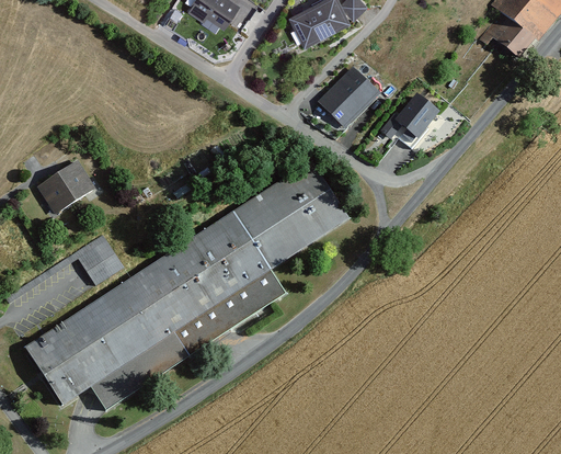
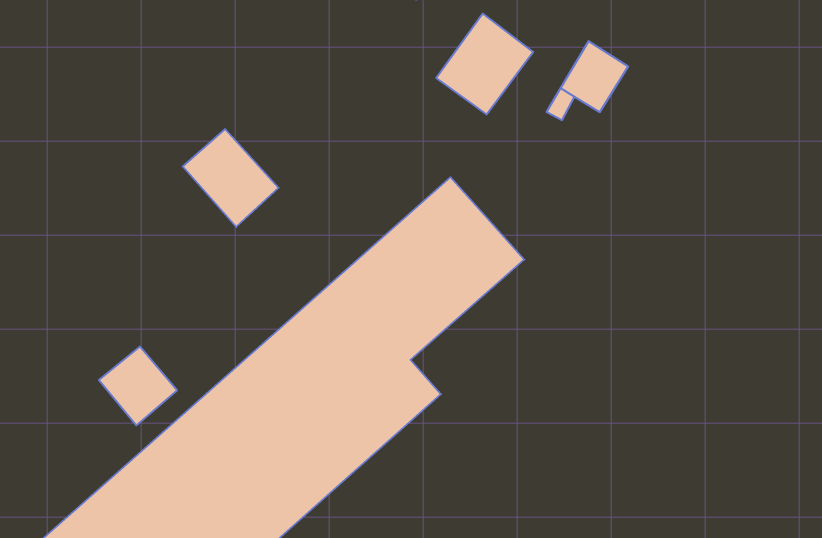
building: none -> [183,129,279,227]
building: [35,157,96,214] -> none

